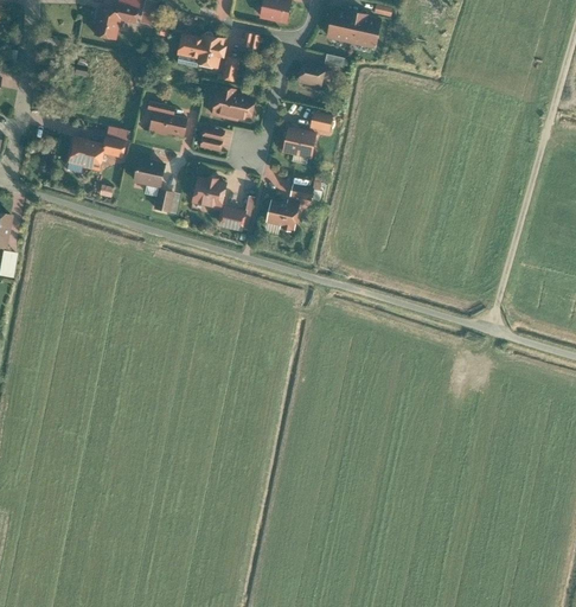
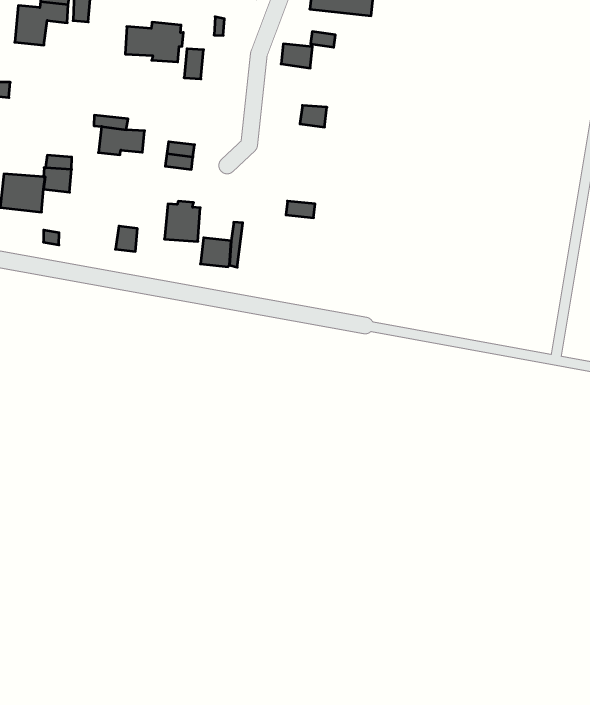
building: [212,87,256,120] -> none
building: [283,126,316,156] -> none
building: [134,158,165,185] -> none
building: [267,199,300,232] -> none

